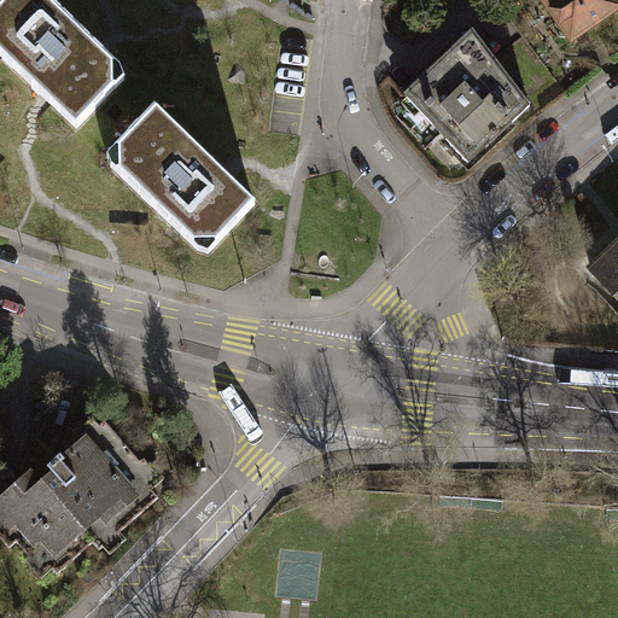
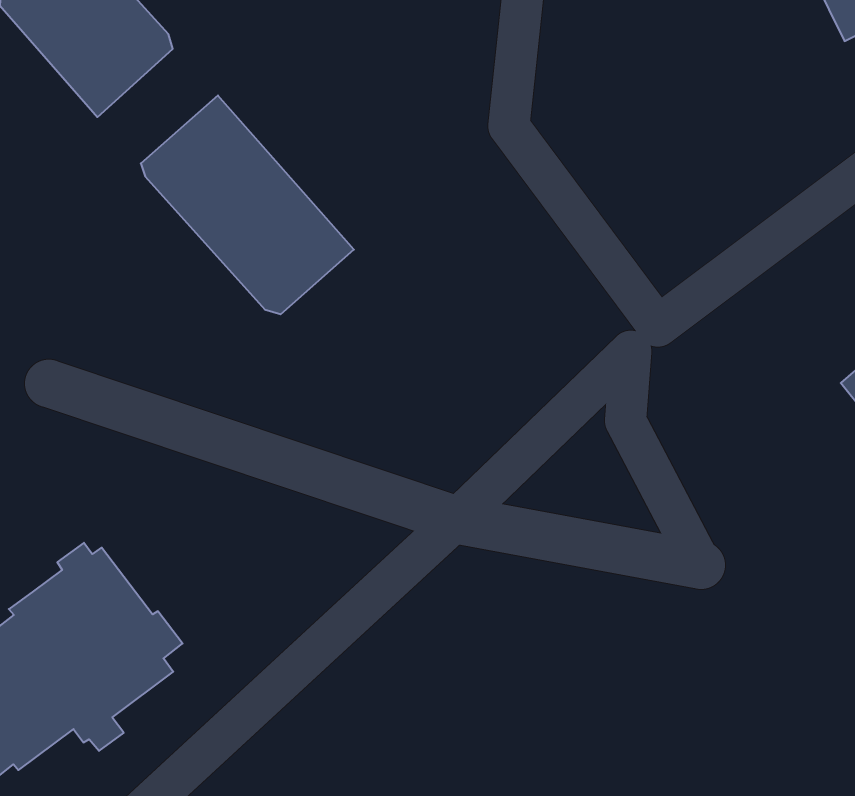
building: [403,30,532,161] -> none

